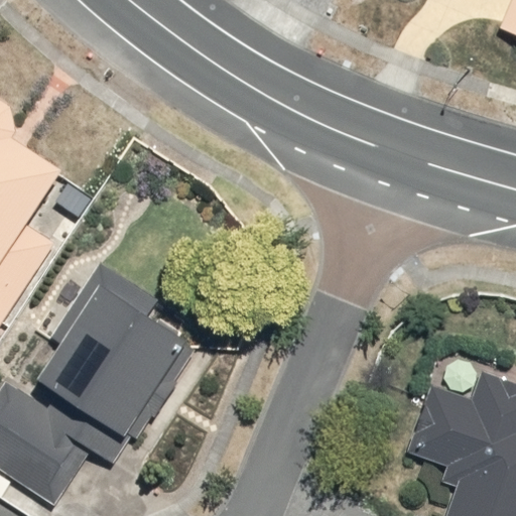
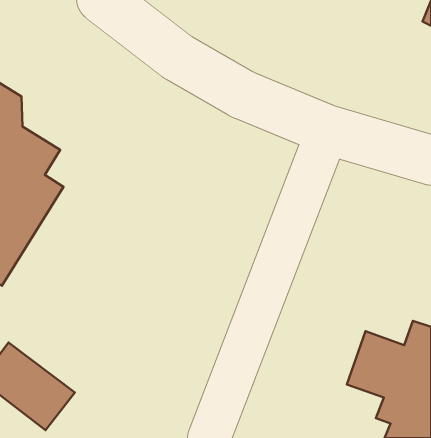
building: [40,260,192,442] -> none

